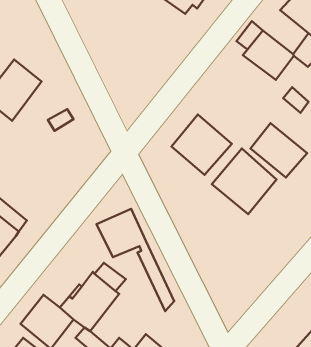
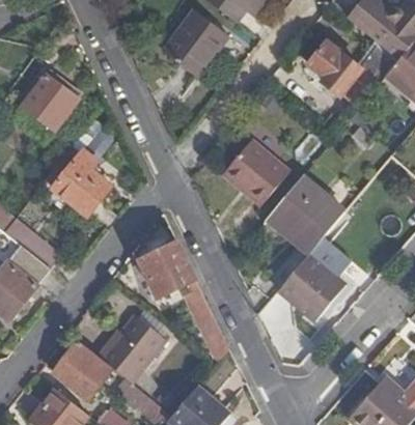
building: none -> [164,10,229,78]
building: none -> [45,143,110,217]
building: [250,123,307,178] -> none
building: none -> [277,252,347,321]

